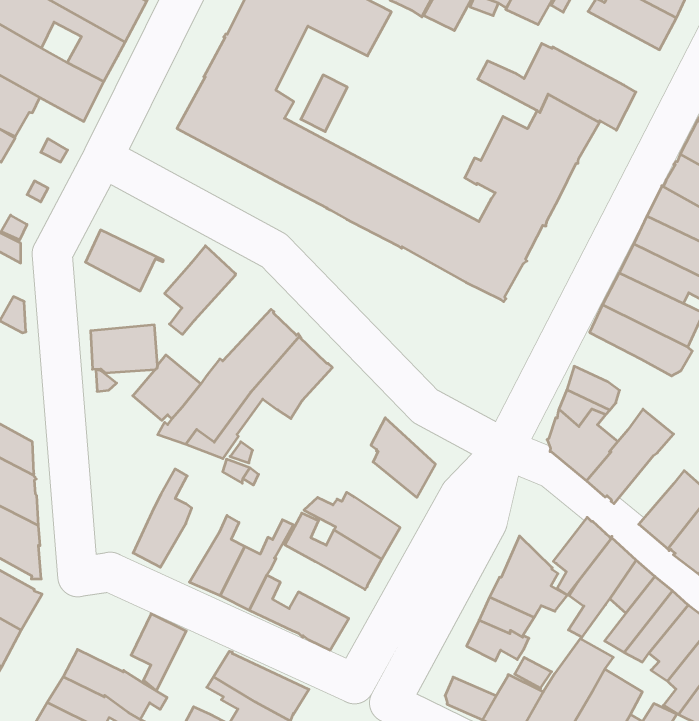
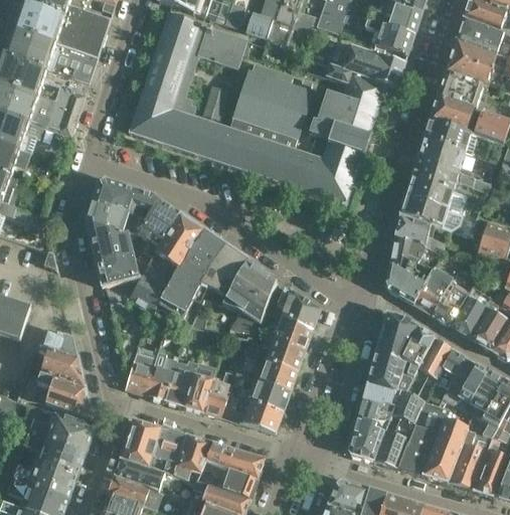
building: none -> [365,18,414,55]
building: none -> [230,61,314,147]
building: none -> [93,178,158,212]
building: none -> [87,221,135,263]
building: none -> [148,214,204,278]
building: none -> [394,213,446,254]
building: none -> [224,261,277,332]
building: none -> [433,265,473,325]
building: none -> [269,314,312,351]
building: none -> [126,352,156,393]
building: none -> [378,312,417,360]
building: none -> [163,358,198,405]
building: none -> [232,373,290,411]
building: none -> [121,419,162,467]
building: none -> [390,387,426,422]
building: none -> [173,436,213,481]
building: none -> [352,416,385,444]

